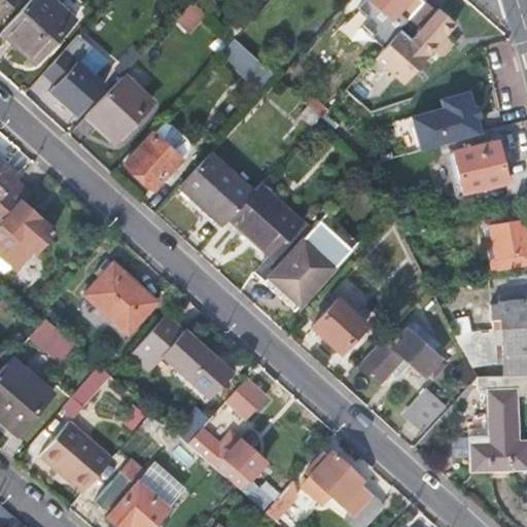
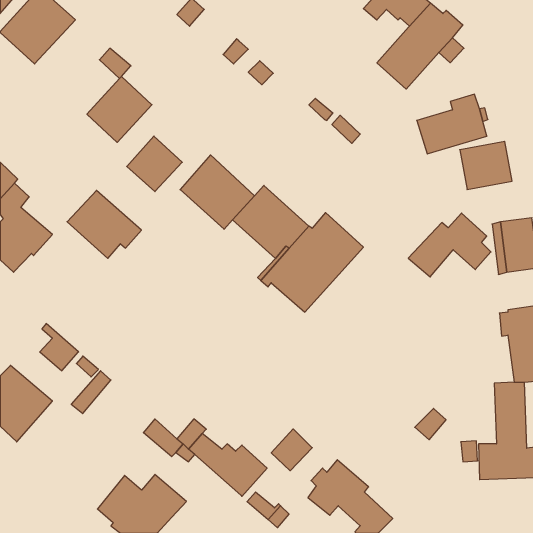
building: [50,63,104,116] -> none
building: [83,262,156,329] -> [67,190,141,258]
building: [313,301,367,356] -> none
building: [131,317,233,399] -> none
building: [360,321,442,384] -> [408,213,491,277]
building: [456,330,499,368] -> none
building: [224,378,265,419] -> [271,429,312,471]
building: [42,424,113,493] -> none

